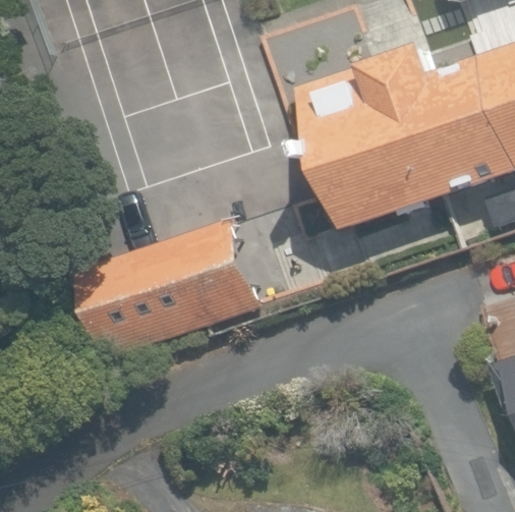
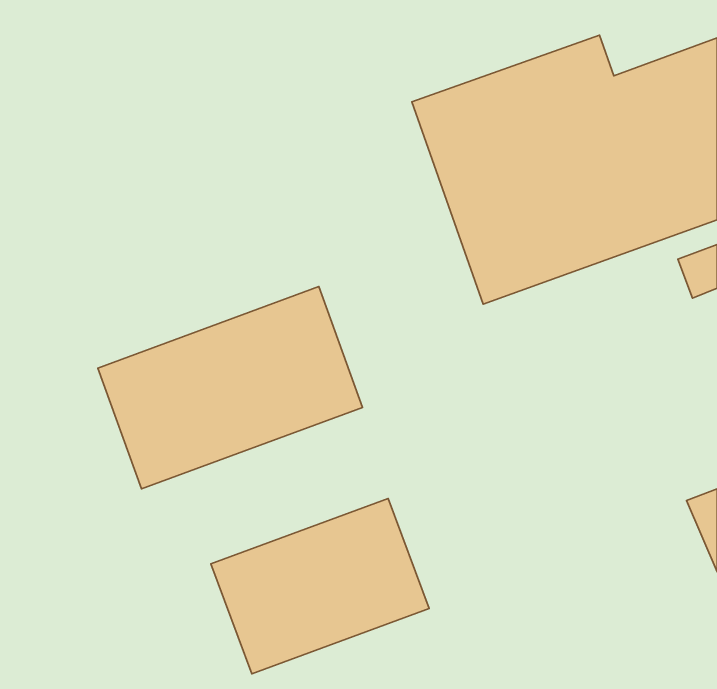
building: none -> [211,499,429,674]

